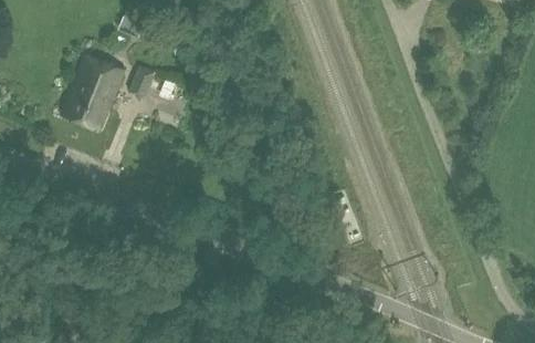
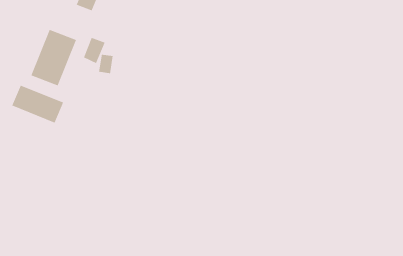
building: none -> [12,85,64,123]

